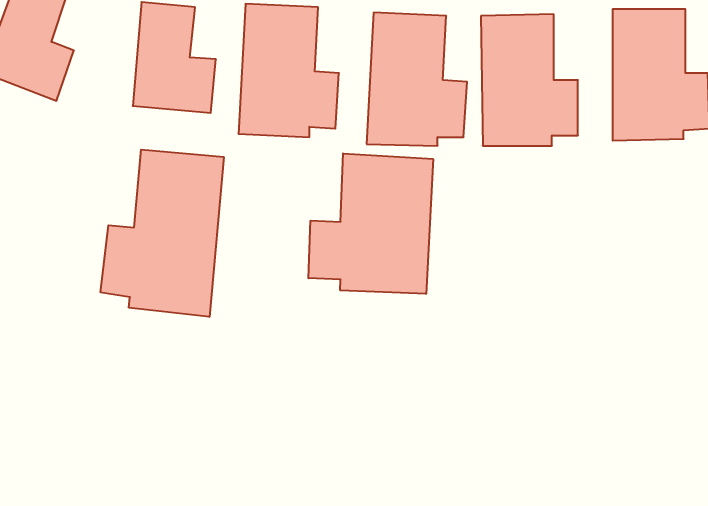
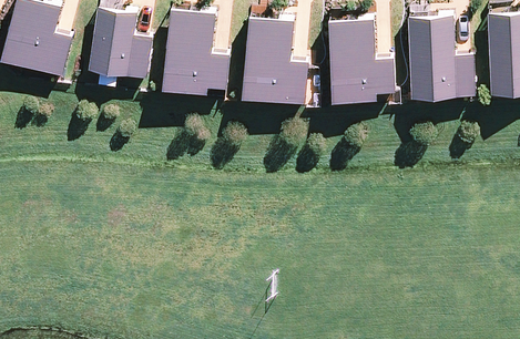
building: [101,150,224,317] -> none
building: [308,153,433,294] -> none

